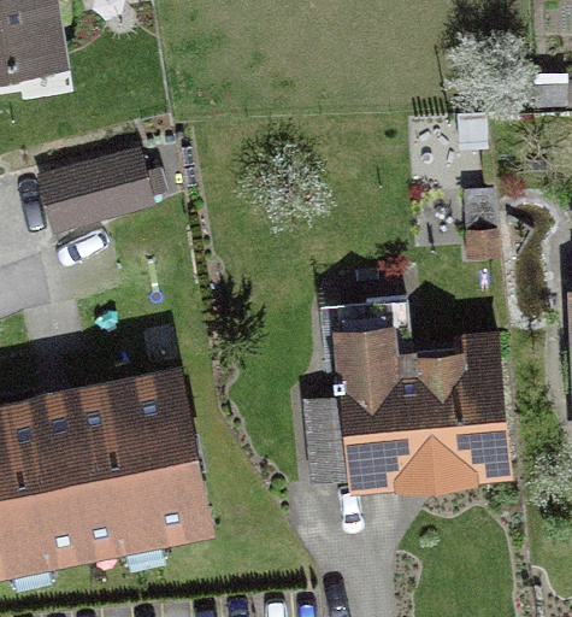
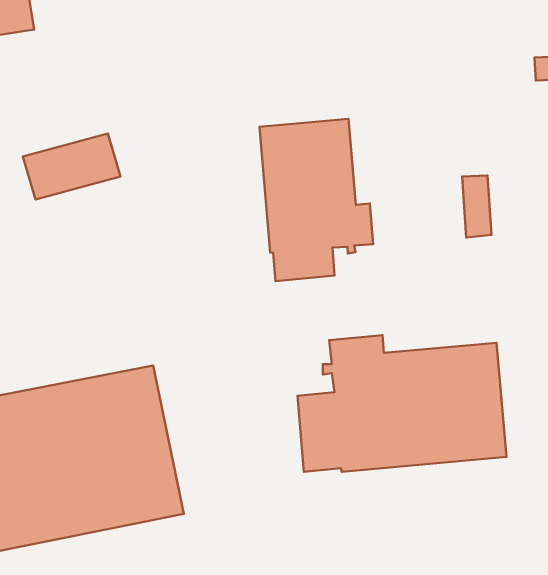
building: none -> [259,119,373,281]

